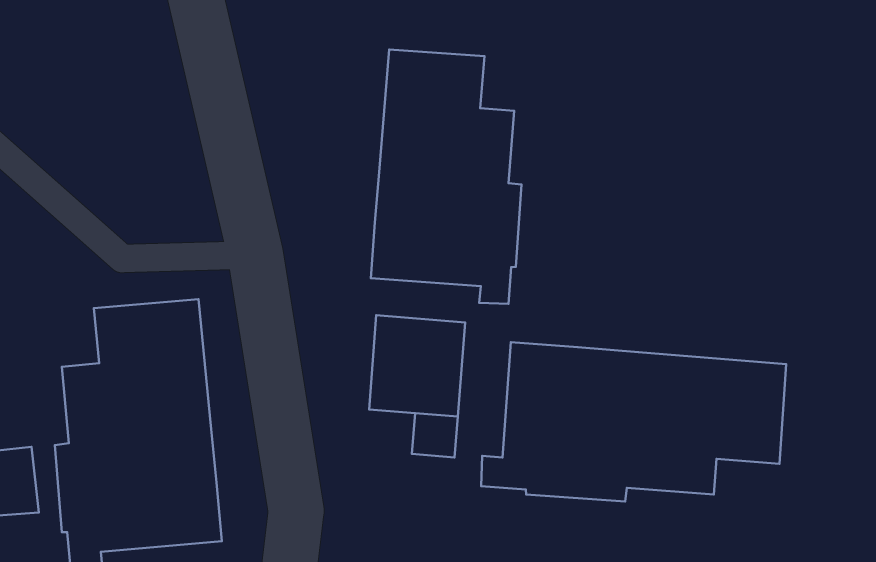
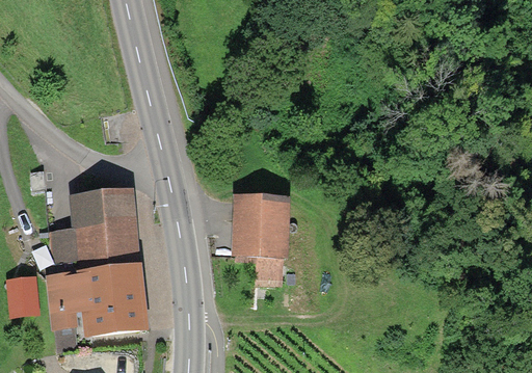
building: [371,49,521,304] -> none
building: [481,342,786,501] -> none

